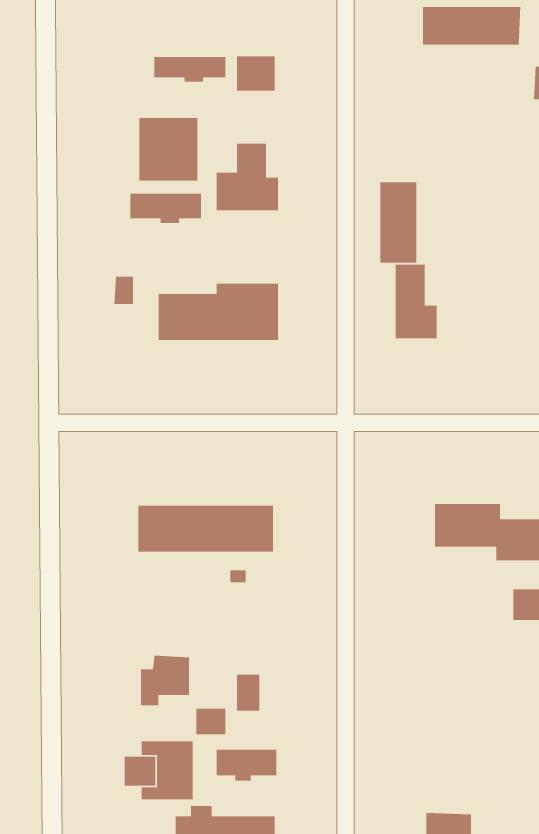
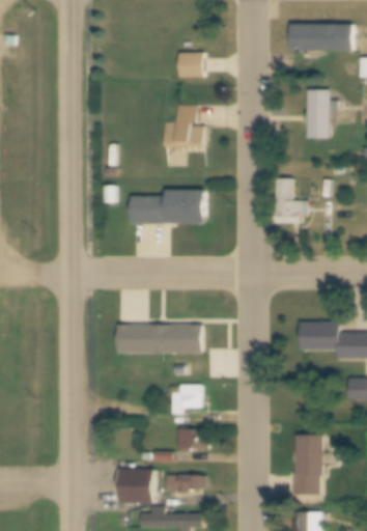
building: [153,56,226,82] -> none
building: [139,117,198,181] -> none
building: [380,181,417,263] -> [307,90,330,140]
building: [129,193,202,224] -> none
building: [140,655,190,706] -> [171,384,201,415]
building: none -> [292,432,322,496]

